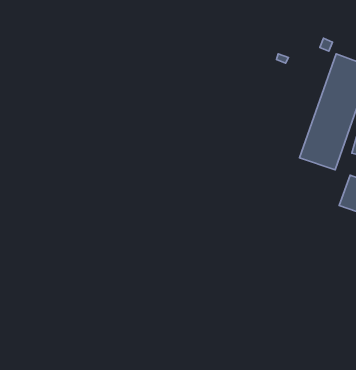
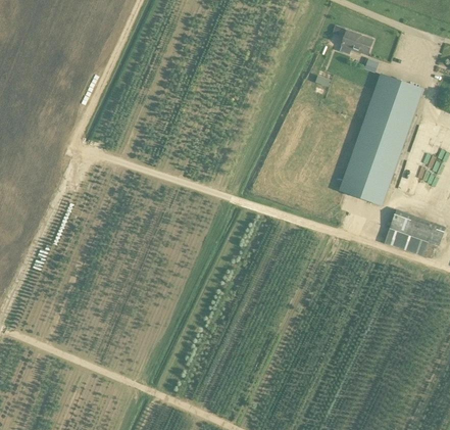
building: none -> [340,30,372,55]

